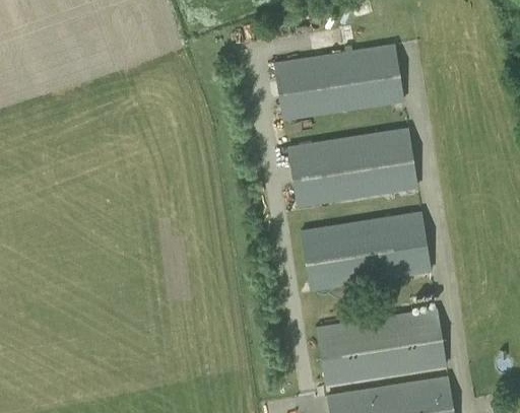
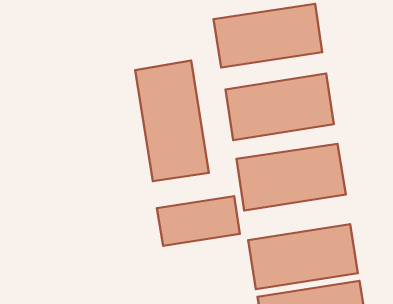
building: none -> [135,61,209,181]
building: none -> [157,196,240,246]

